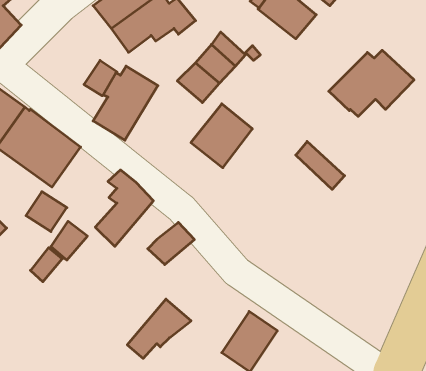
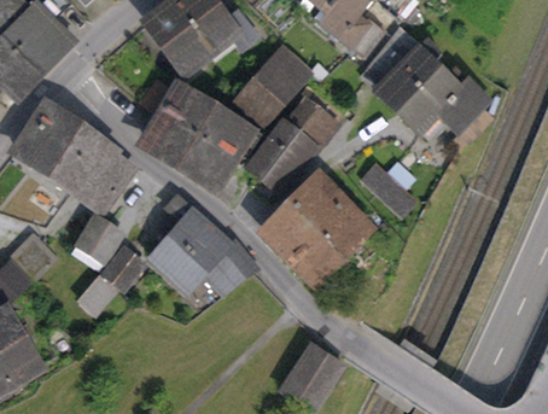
building: none -> [360,27,438,110]
building: none -> [282,98,336,150]
building: none -> [180,104,258,182]
building: none -> [267,176,373,282]
building: [127,299,191,358] -> [169,226,237,288]

